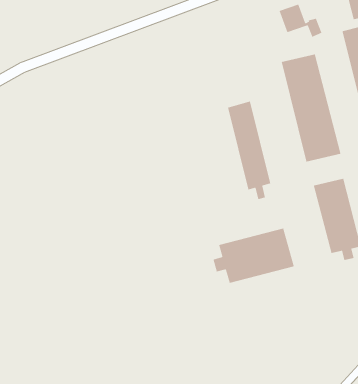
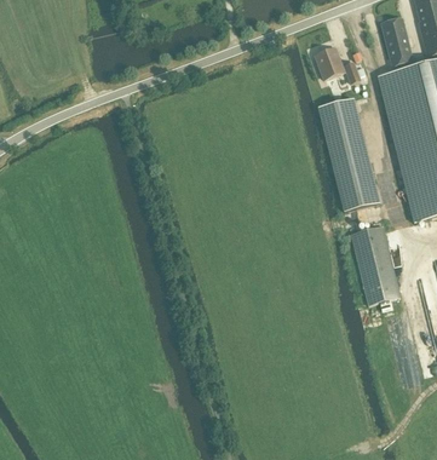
building: [227,100,271,200] -> none
building: [212,227,295,284] -> none

